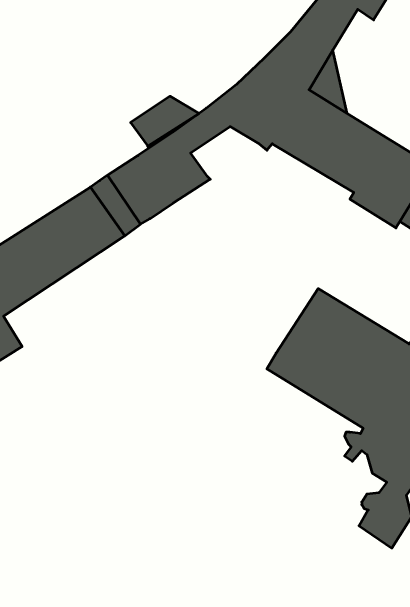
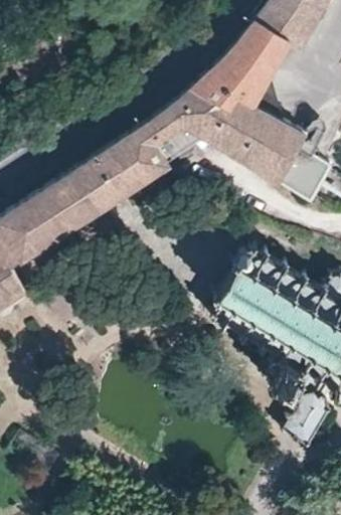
building: [131,96,199,146] -> [152,125,204,163]

